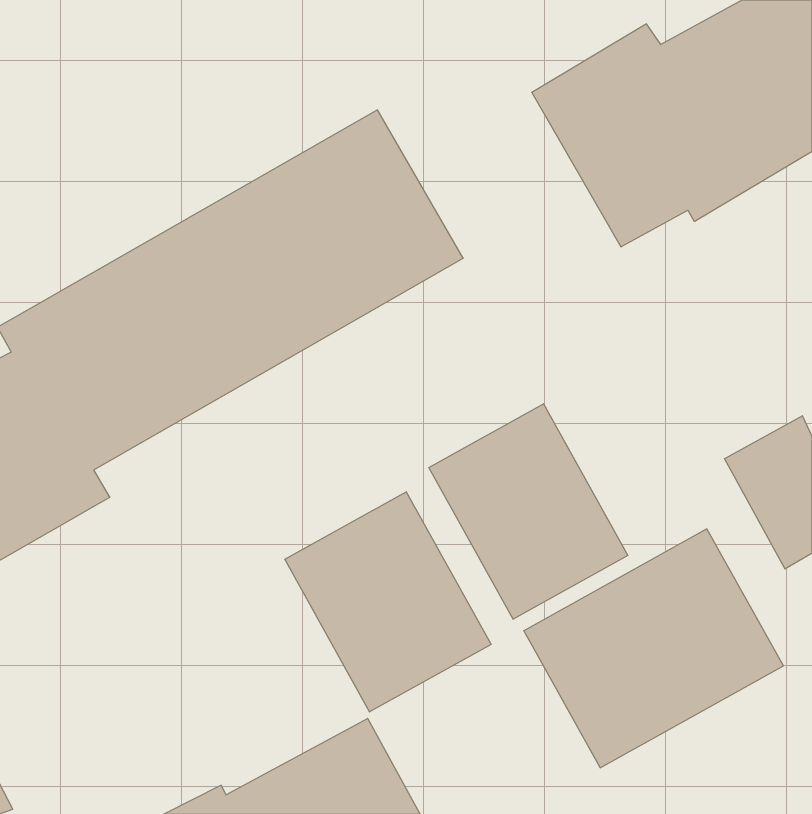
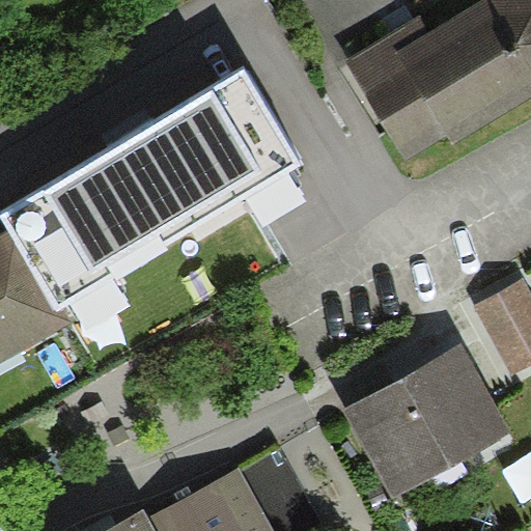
building: [429,404,628,619] -> none
building: [285,492,491,712] -> none

